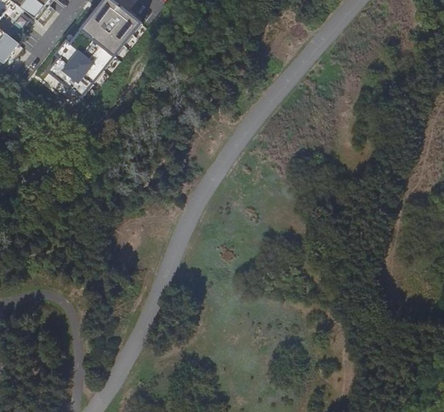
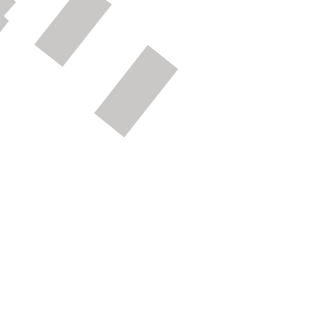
building: none -> [93,44,179,138]

